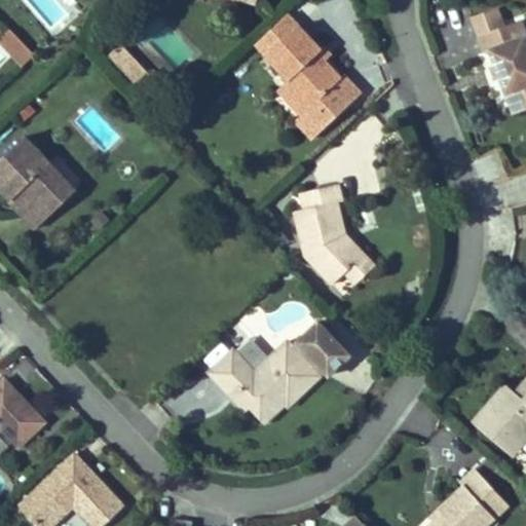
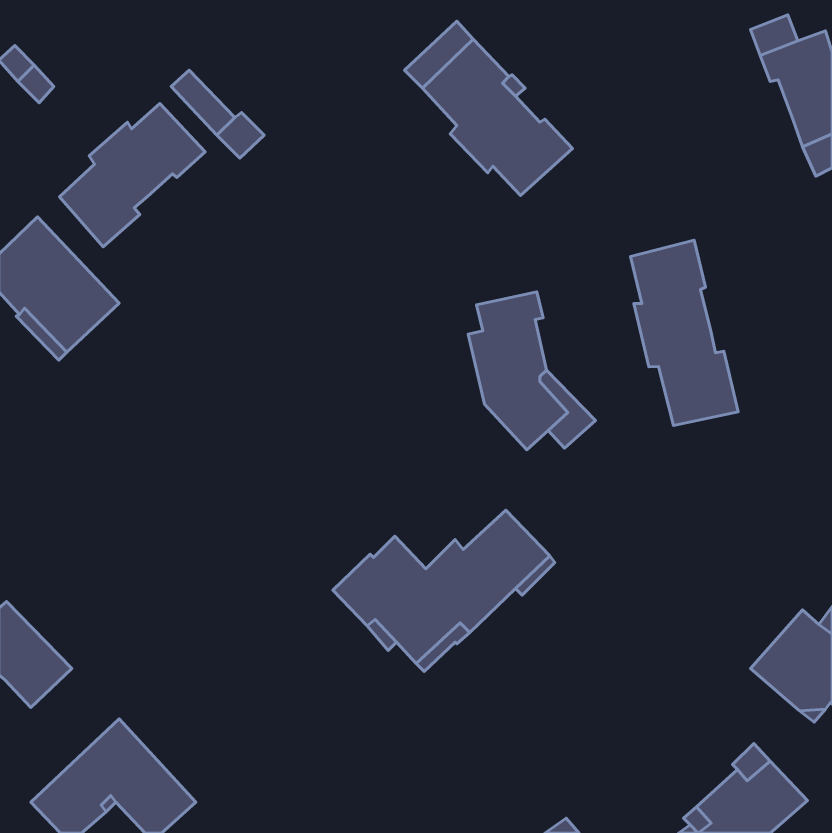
building: none -> [59,103,205,247]
building: [277,84,328,139] -> none
building: none -> [630,240,738,426]

